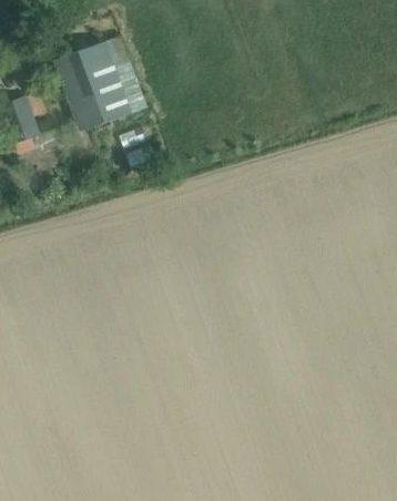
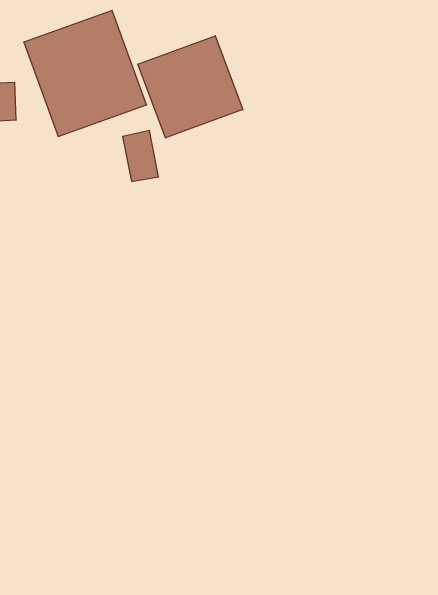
building: none -> [138,36,243,138]

